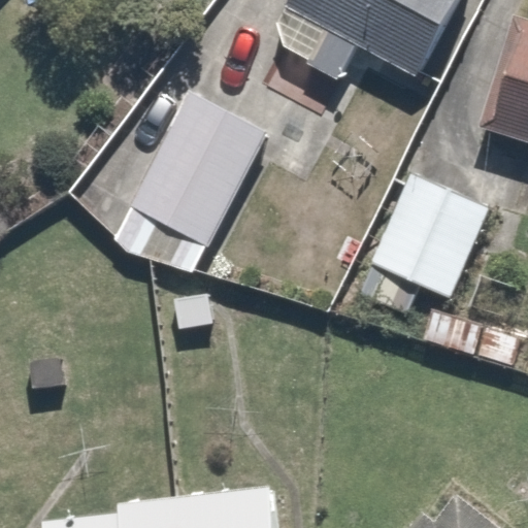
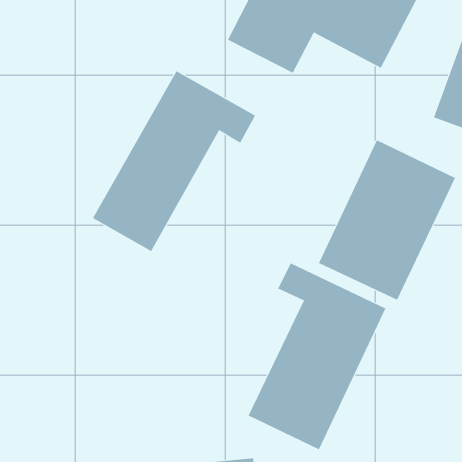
building: none -> [248,263,386,450]

